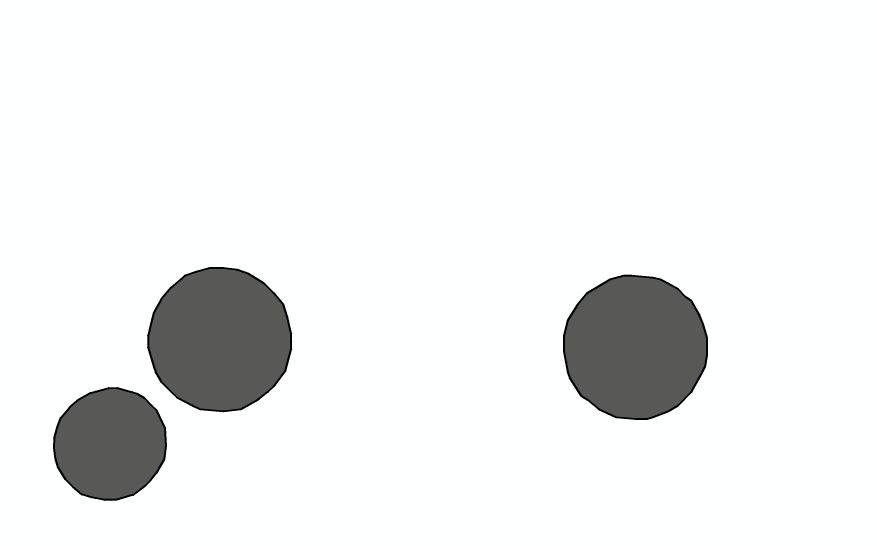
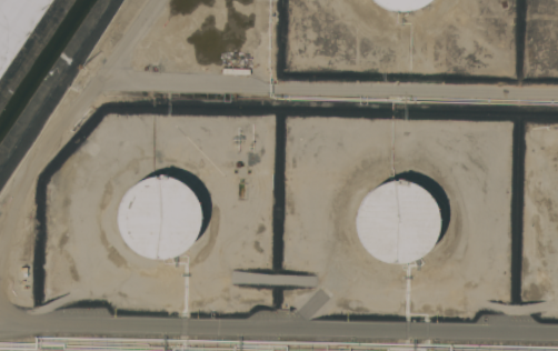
building: [54,388,166,500] -> none

